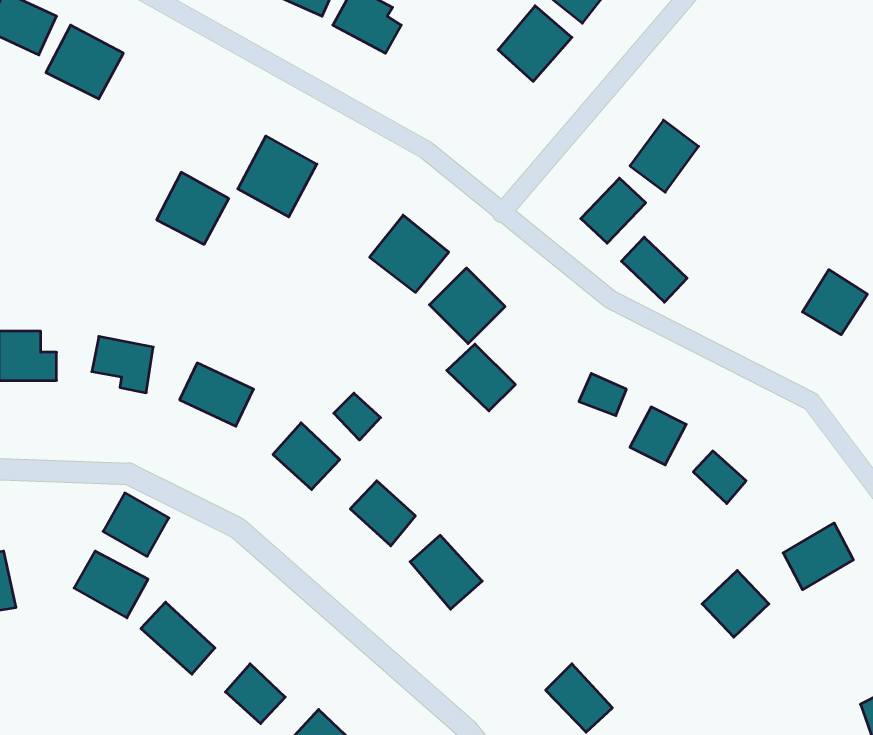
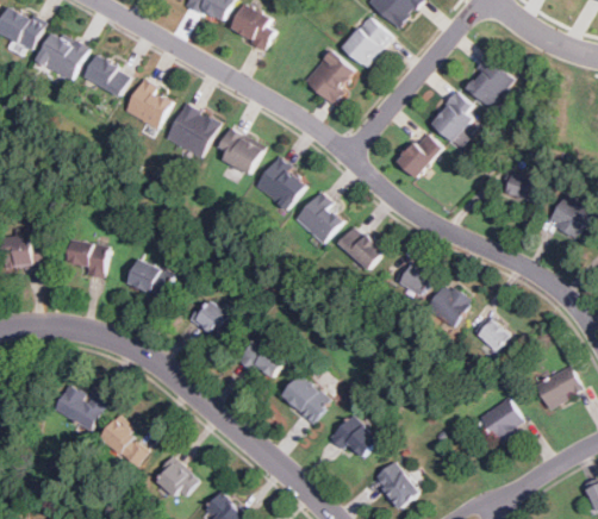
building: none -> [304,50,356,102]
building: none -> [83,54,130,96]
building: none -> [463,57,512,106]
building: [157,172,229,244] -> [124,80,173,129]
building: none -> [214,129,262,174]
building: [621,237,687,302] -> none
building: none -> [503,173,535,200]
building: [447,344,515,411] -> [337,225,384,270]
building: [334,393,381,440] -> none
building: [103,493,169,556] -> none
building: none -> [329,414,378,457]

